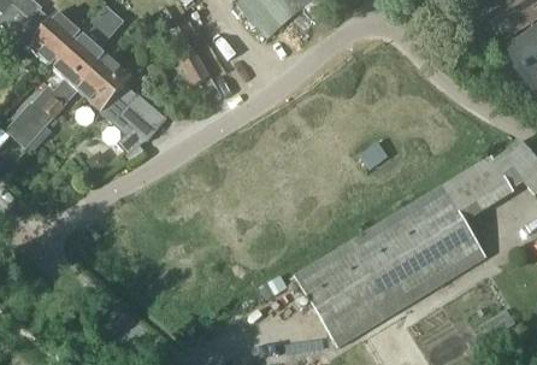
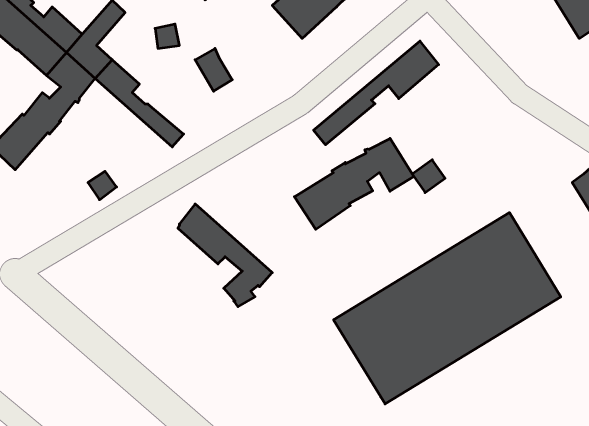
building: none -> [314,41,439,145]
building: [79,71,159,158] -> [178,204,272,307]
building: none -> [294,138,414,229]

